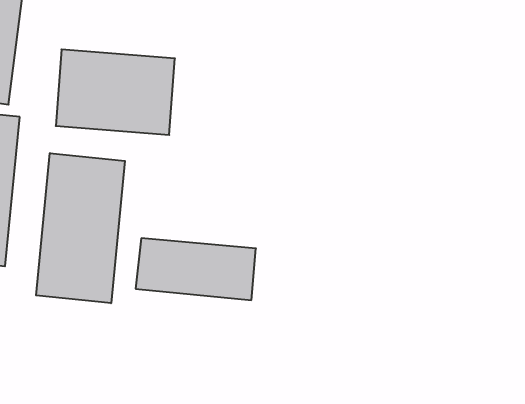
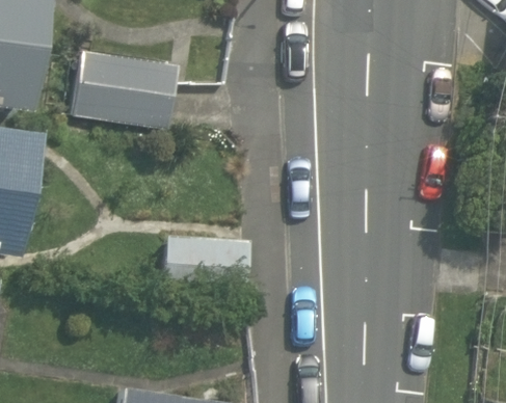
building: [36,153,125,303] -> none

